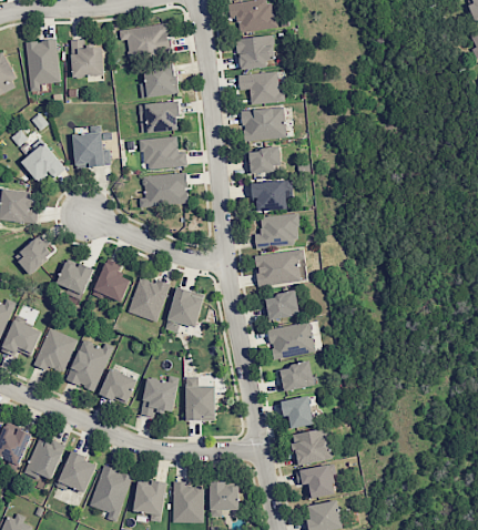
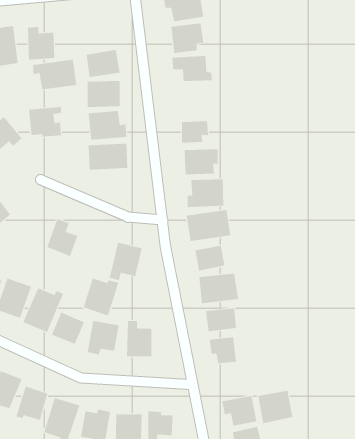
building: [119,22,171,58] -> [32,59,77,90]
building: [242,108,285,140] -> none
building: [57,261,92,294] -> none
building: [128,277,170,322] -> [83,278,119,316]
building: [291,427,332,466] -> [258,390,293,424]

